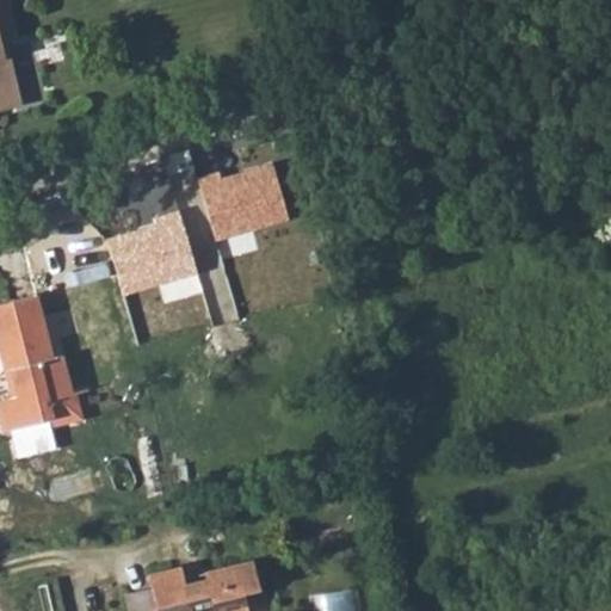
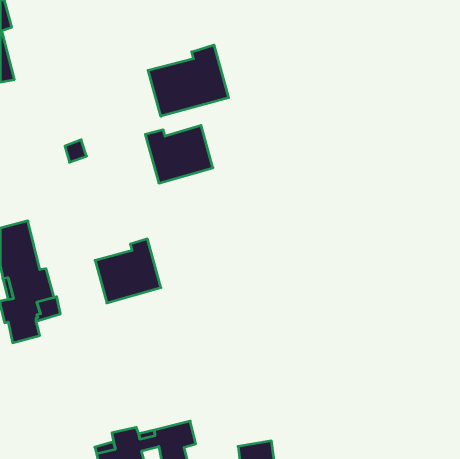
building: none -> [148,45,229,116]
building: [105,212,192,297] -> [95,239,161,303]

